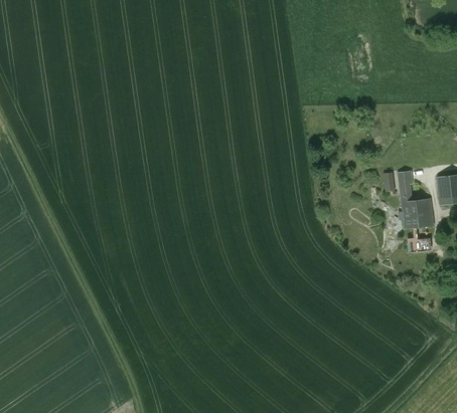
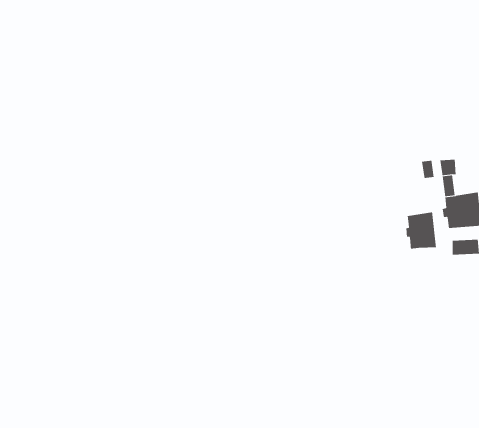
building: none -> [406,211,436,249]

